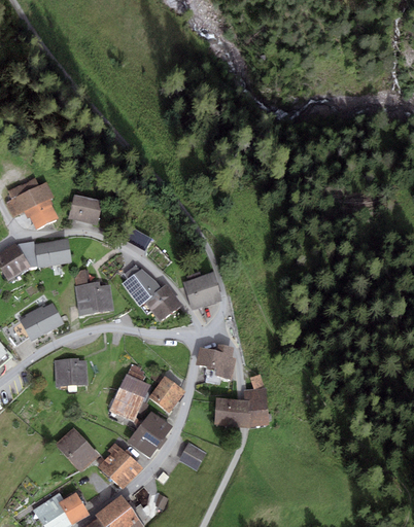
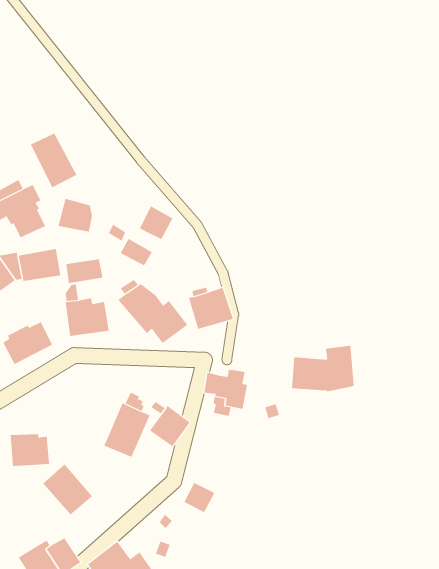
building: none -> [30,132,77,188]
building: none -> [139,206,173,240]
building: none -> [66,259,103,284]
building: [54,357,89,386] -> [10,434,50,467]
building: [214,387,270,428] -> [291,345,355,392]
building: [127,410,173,459] -> none
building: [99,444,143,489] -> none

